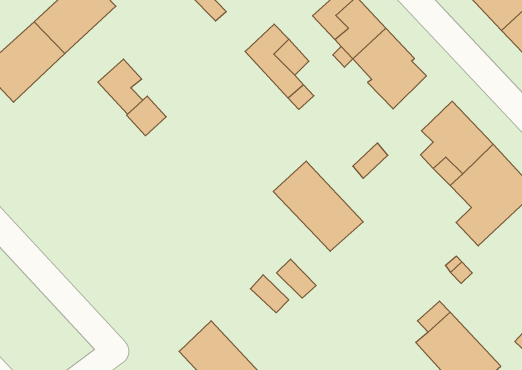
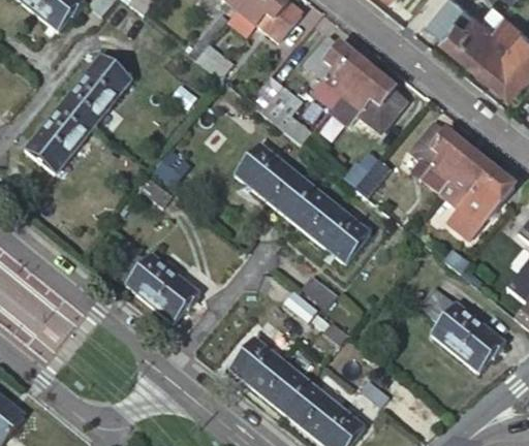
building: [98,59,143,114] -> none
building: none -> [234,142,314,219]
building: none -> [125,252,205,320]

